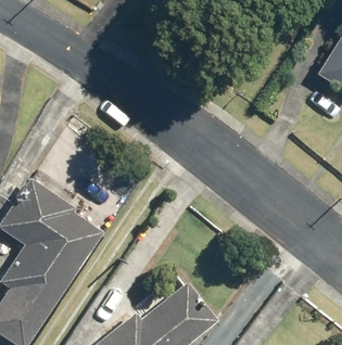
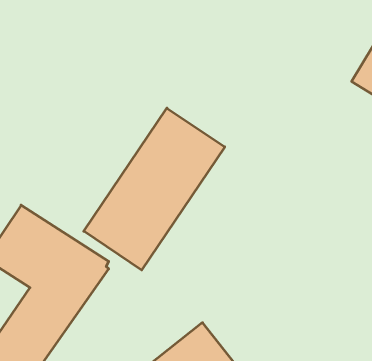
building: none -> [84,108,225,270]

